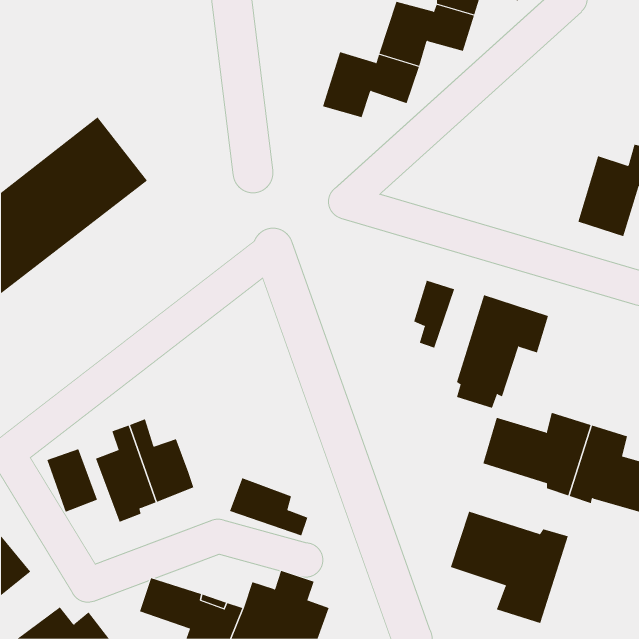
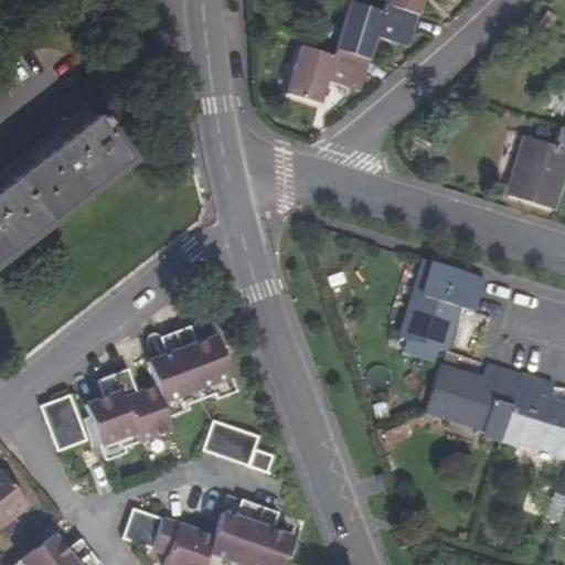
building: [413,280,455,349] -> none
building: none -> [148,326,236,416]
building: [450,511,568,624] -> none

